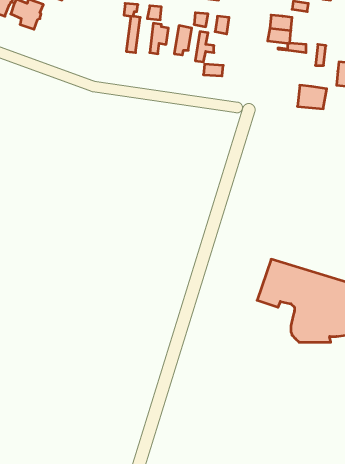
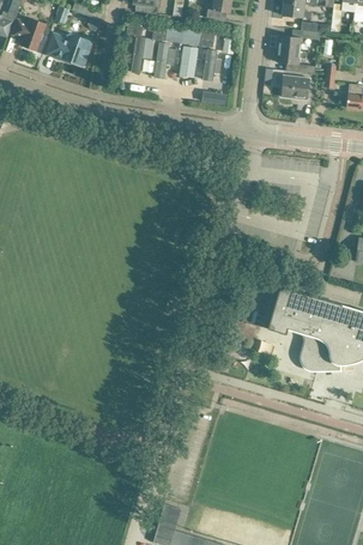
building: none -> [47,32,91,63]
building: [297,85,327,109] -> [280,74,310,98]

